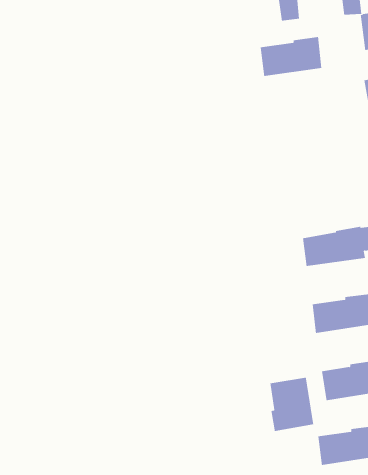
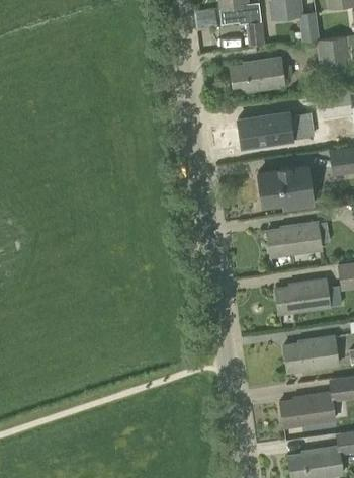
building: none -> [239,112,315,147]
building: none -> [258,165,314,209]
building: [270,377,314,432] -> none

